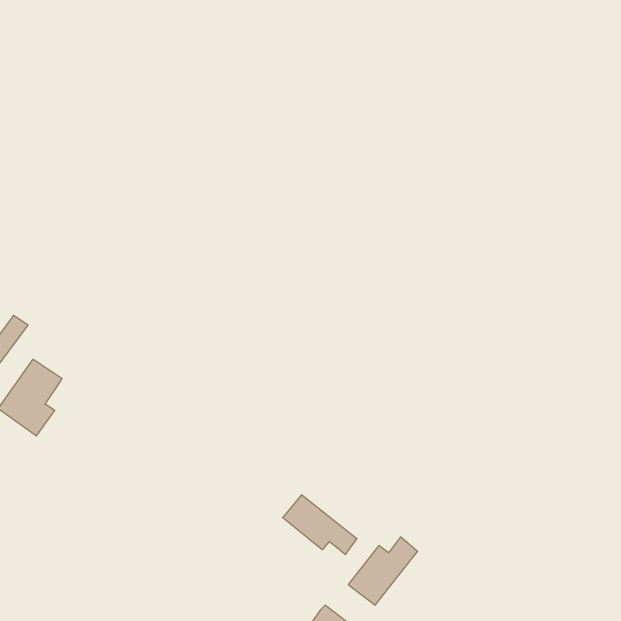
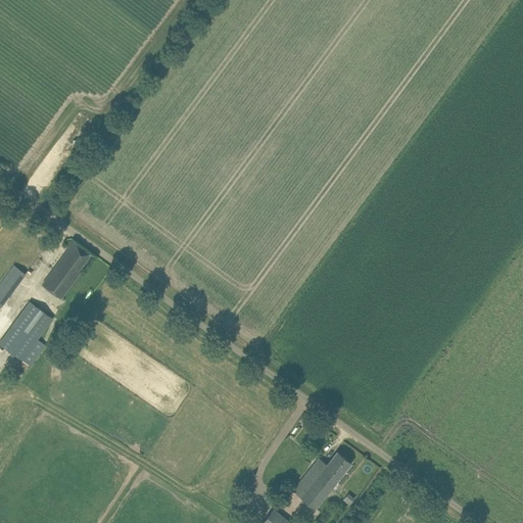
building: none -> [42,243,89,299]
building: [283,495,357,555] -> none

